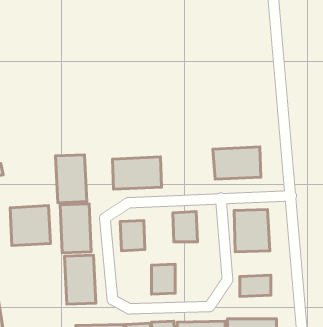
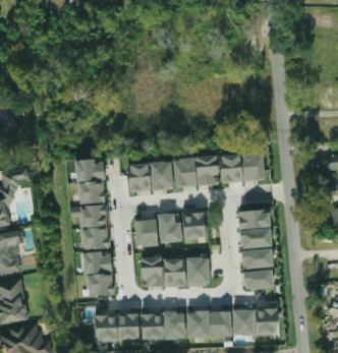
building: none -> [173,157,218,186]
building: [10,206,50,246] -> none
building: none -> [158,214,182,243]
building: none -> [242,249,273,269]
building: none -> [140,257,163,286]
building: none -> [187,257,210,286]

